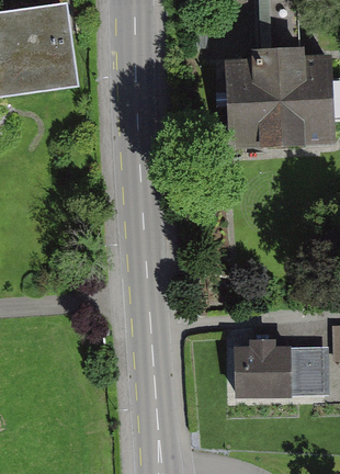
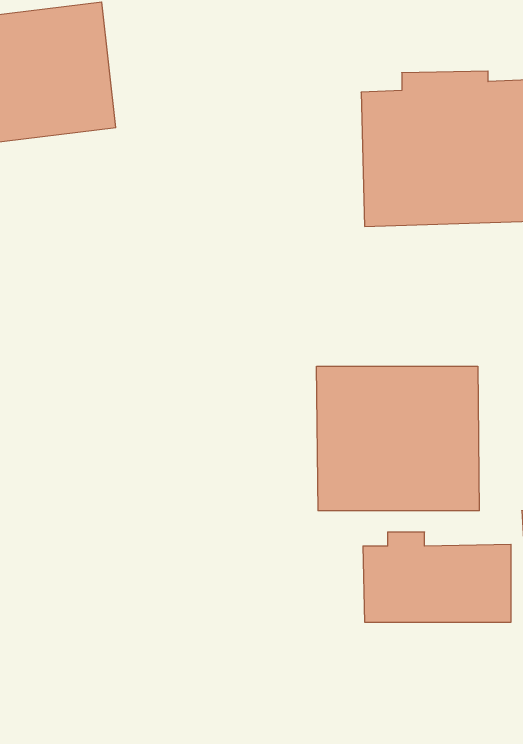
building: none -> [317,366,479,511]

